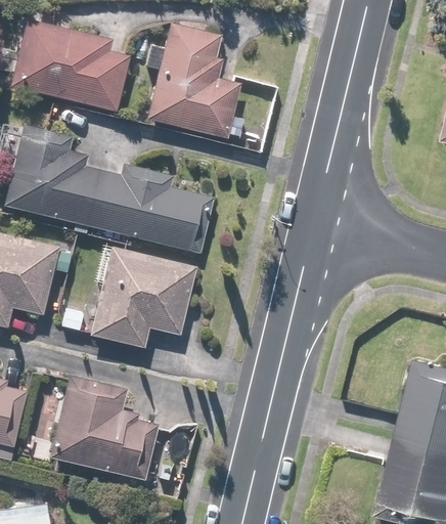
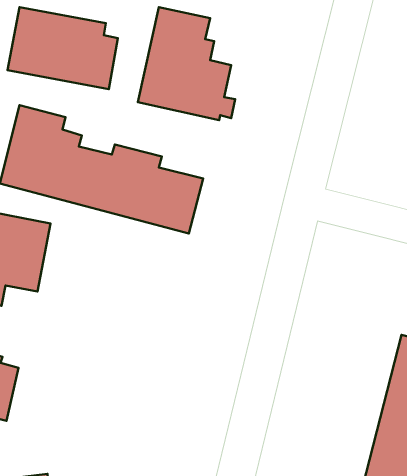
building: [91,248,193,347] -> none
building: [34,369,158,479] -> none

